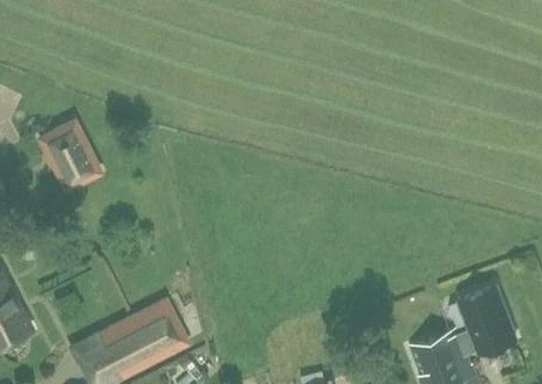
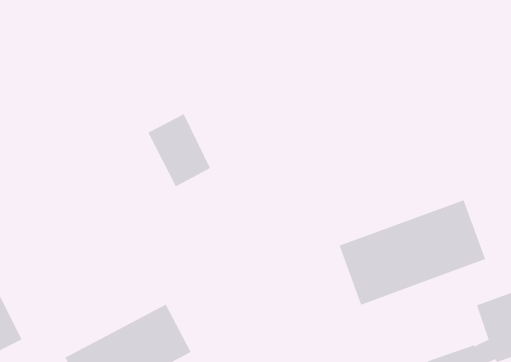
building: [40,121,100,191] -> [147,113,211,187]
building: none -> [339,199,486,306]

